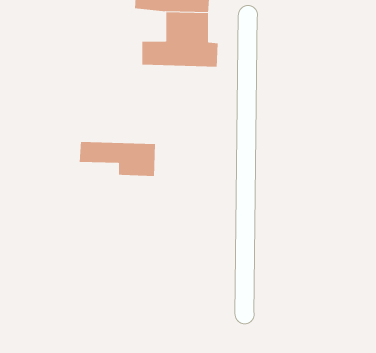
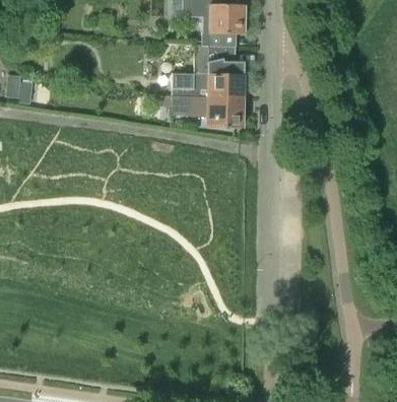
building: [79,142,156,176] -> [172,95,244,128]

